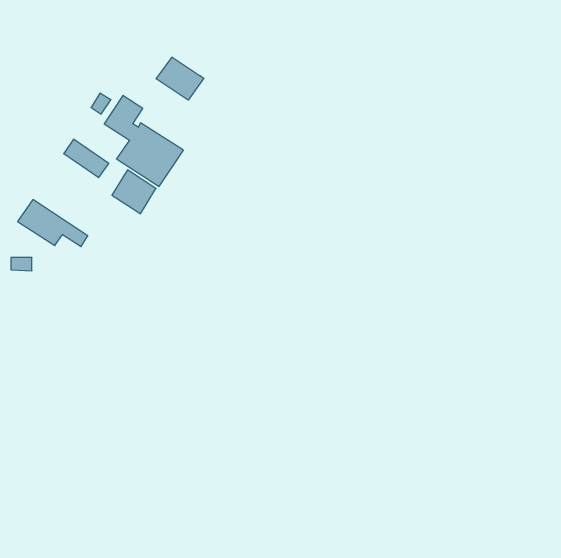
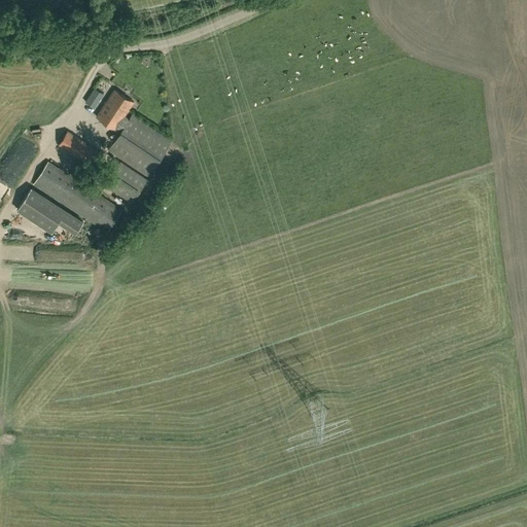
building: [156,57,204,100] -> none
building: none -> [34,164,121,233]

